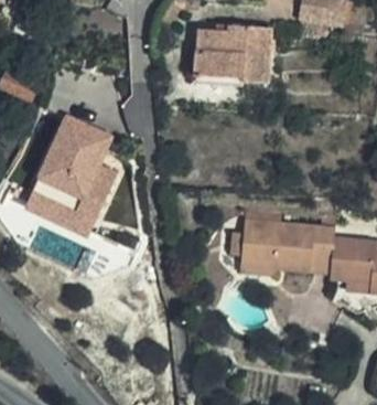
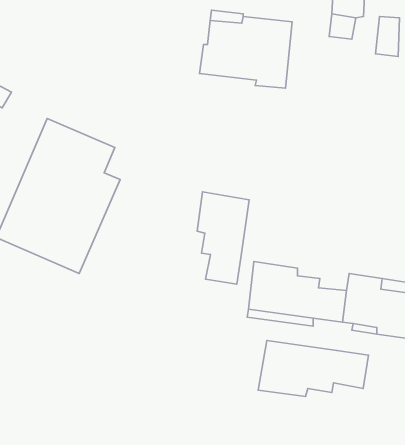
building: none -> [197,192,249,284]
building: none -> [258,340,368,397]

